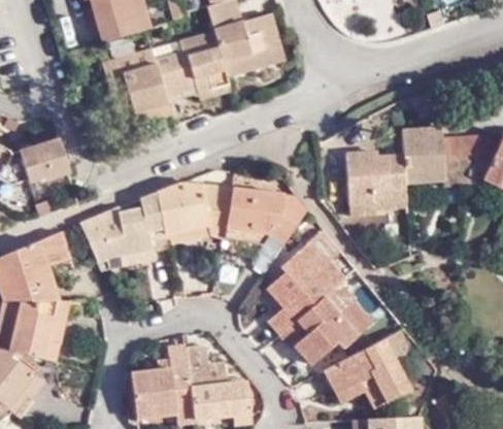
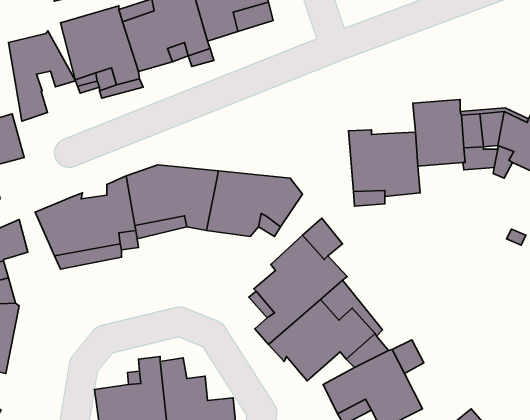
building: none -> [8,31,76,121]

